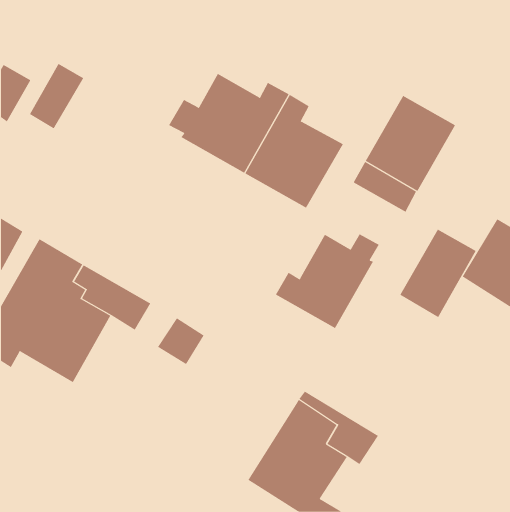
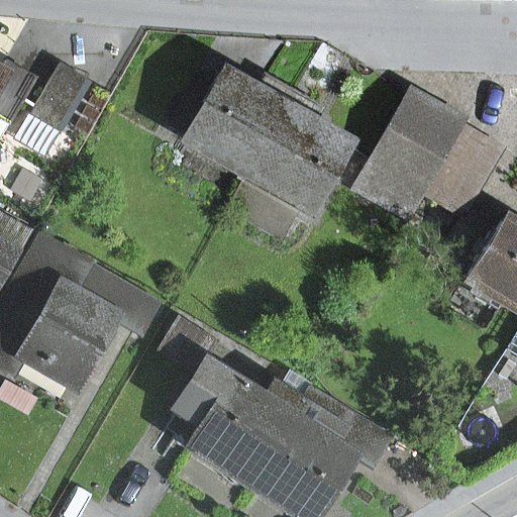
building: [399,229,477,318] -> [423,126,501,216]
building: [275,233,380,329] -> none
building: none -> [167,367,300,484]

